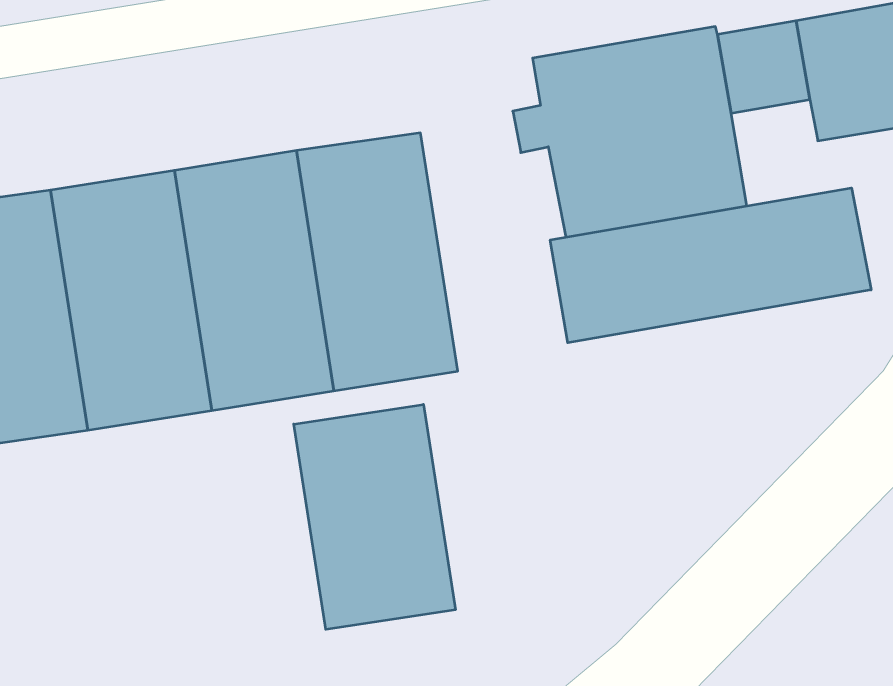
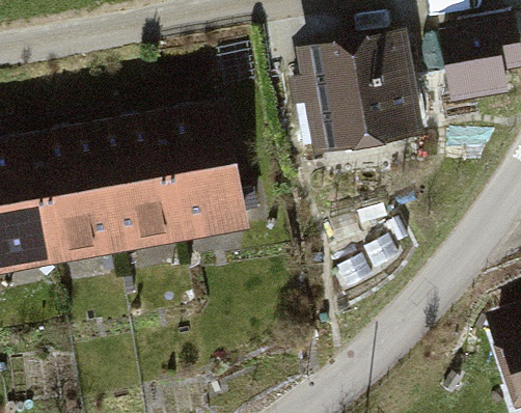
building: [550,188,871,343] -> none
building: [294,404,455,629] -> none

